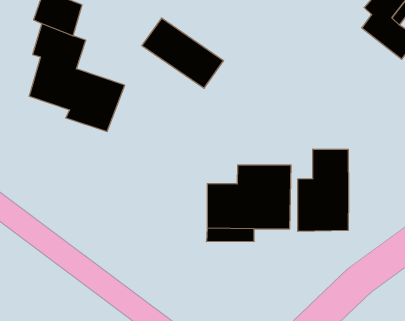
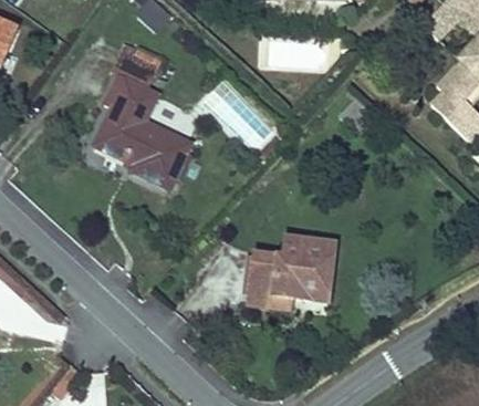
building: [298,149,349,231] -> none

